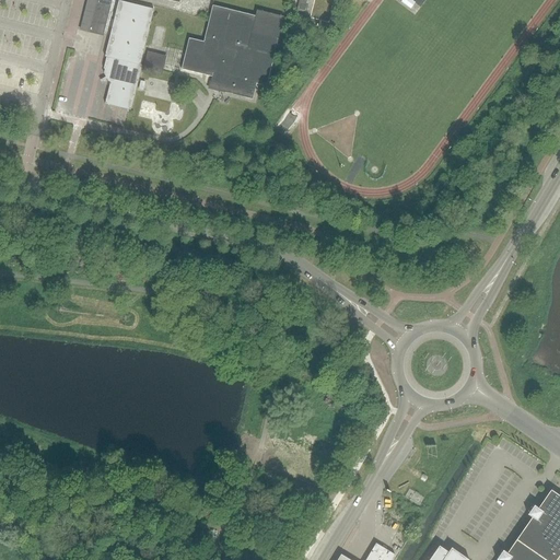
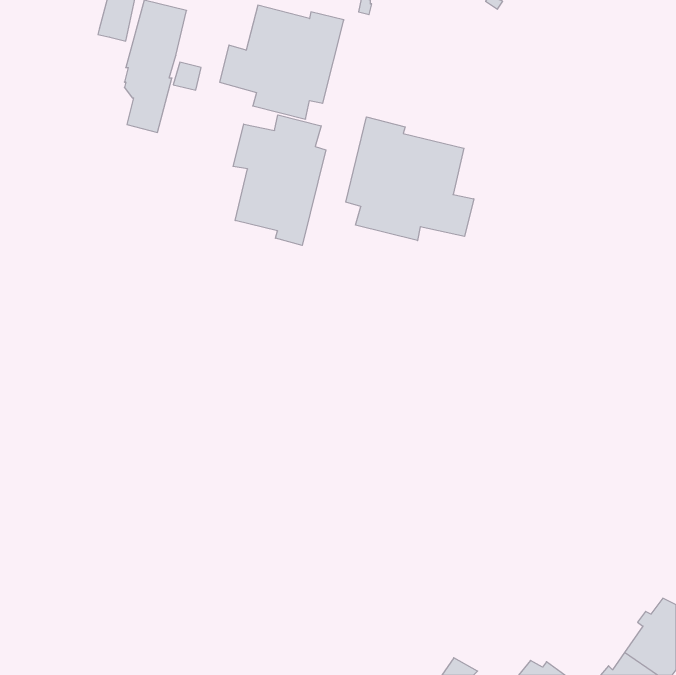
building: none -> [233,115,326,245]
building: none -> [346,117,474,241]

